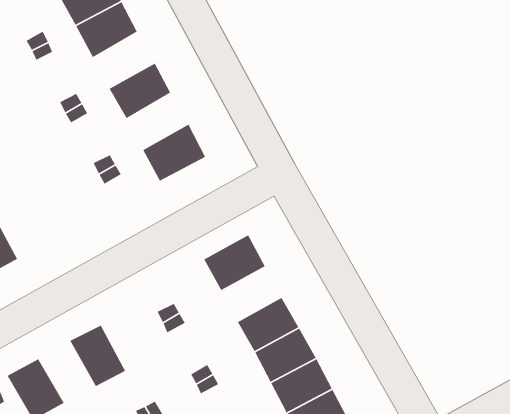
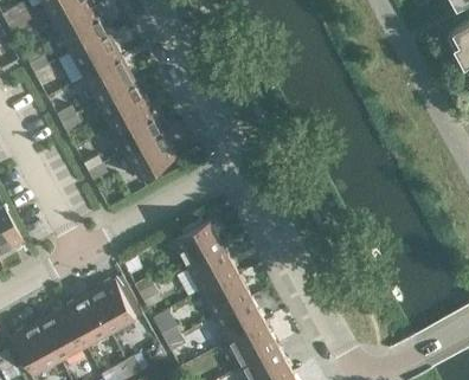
building: none -> [82,58,133,104]
building: none -> [109,108,160,154]
building: none -> [186,249,236,294]
building: none -> [89,282,135,334]
building: none -> [38,309,84,360]

